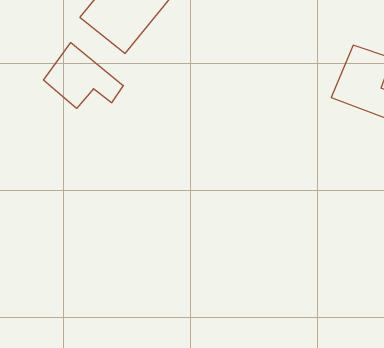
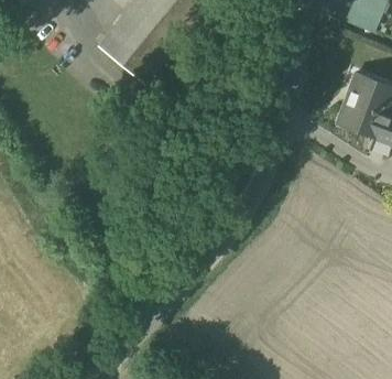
building: [44,43,123,108] -> none

